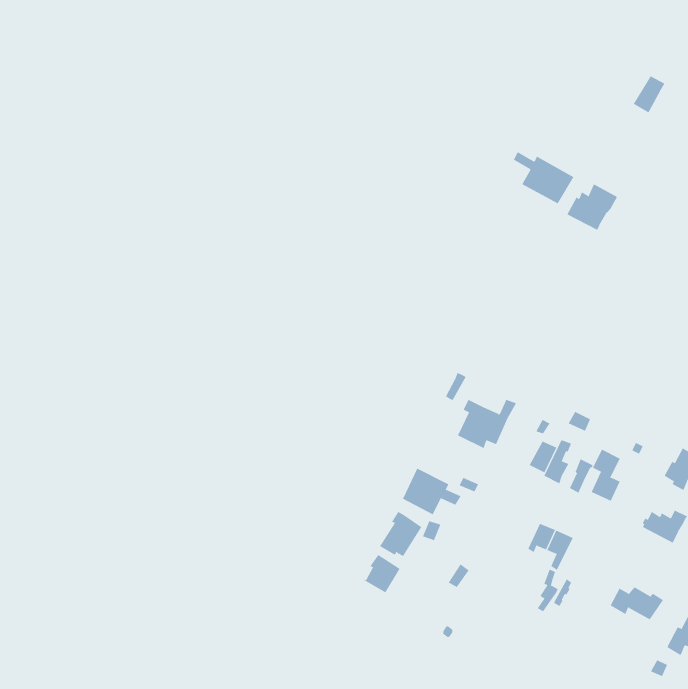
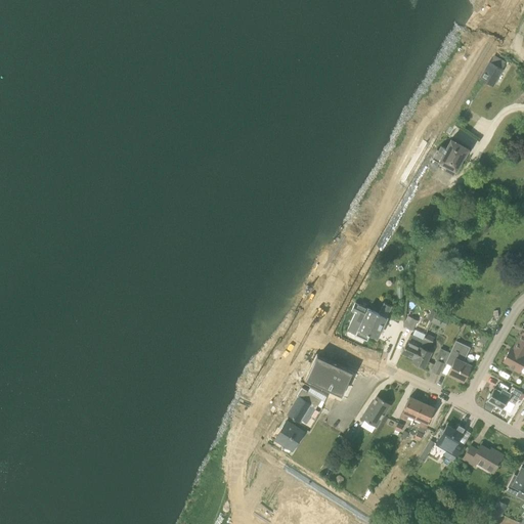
building: [513,151,574,204] -> none
building: none -> [363,396,391,426]
building: none -> [437,425,466,456]

